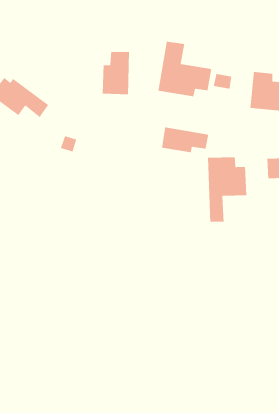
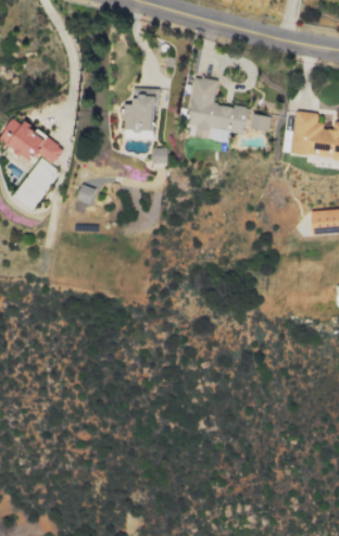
building: none -> [15,159,60,211]
building: [161,127,209,153] -> none
building: [207,156,247,223] -> none

